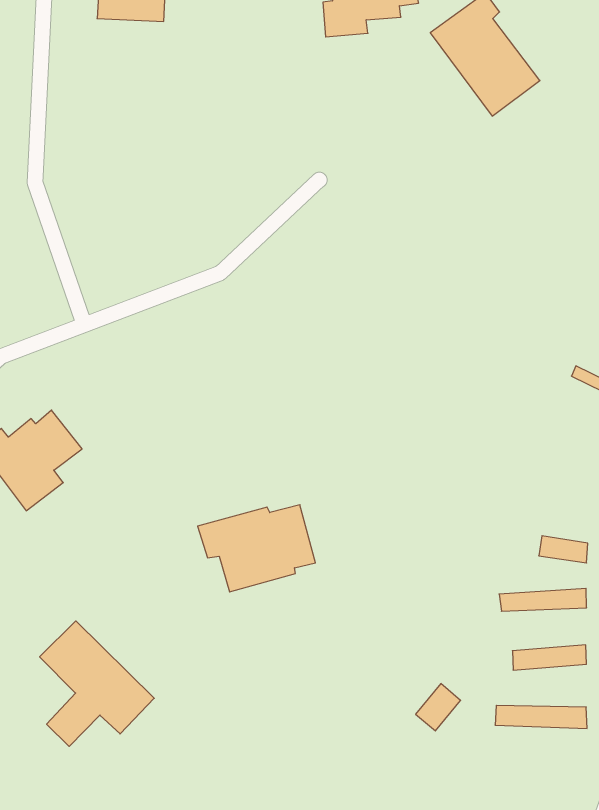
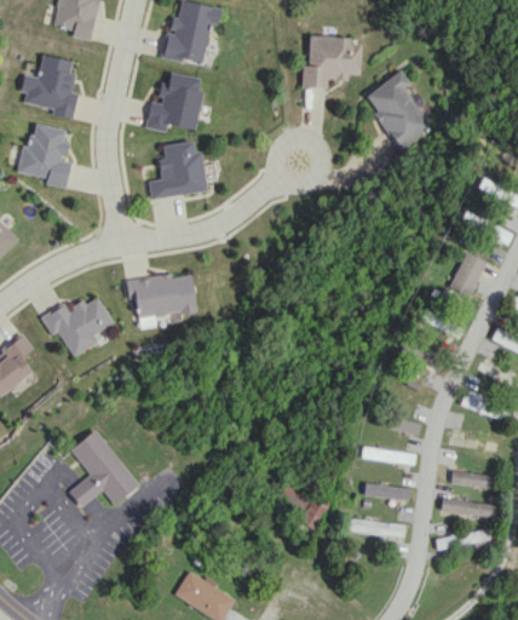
building: none -> [144,73,201,131]
building: none -> [148,142,205,199]
building: [198,505,315,592] -> [125,274,195,323]

